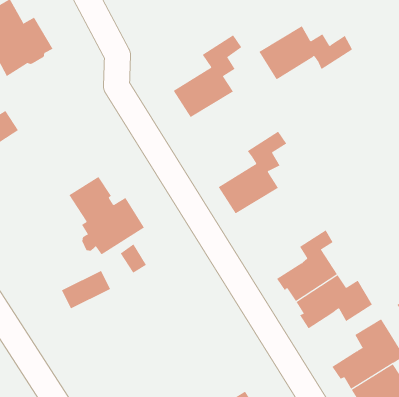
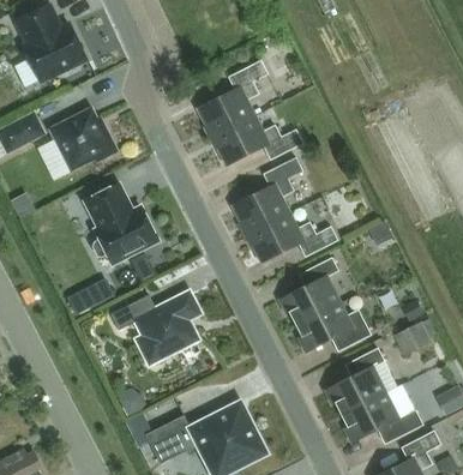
building: [259,26,353,80] -> [211,115,302,166]
building: none -> [49,107,118,170]
building: none -> [246,212,337,261]
building: none -> [110,293,199,362]

